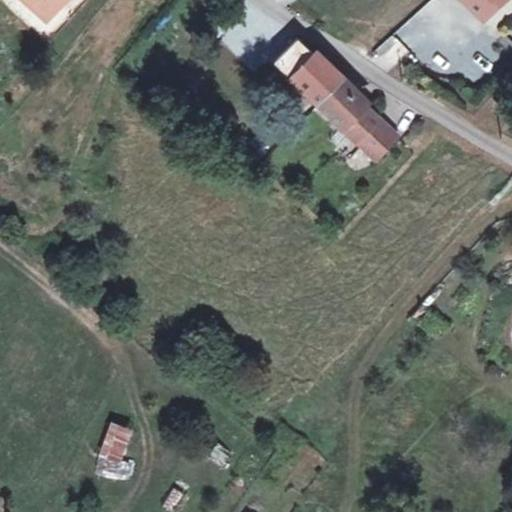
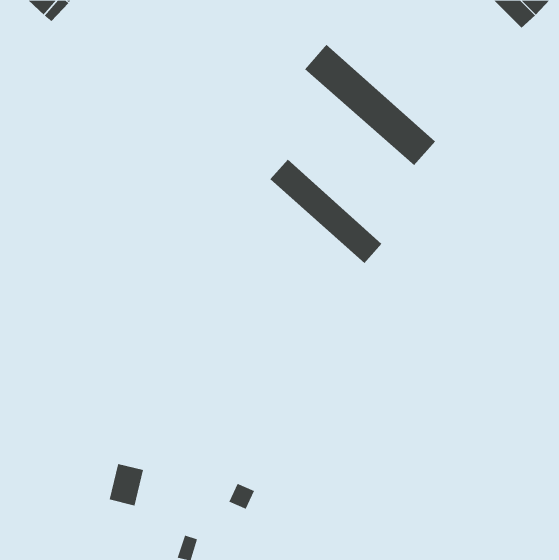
building: none -> [269,159,382,264]

